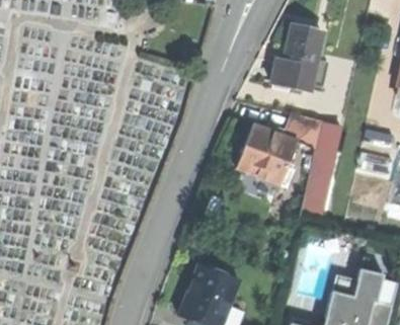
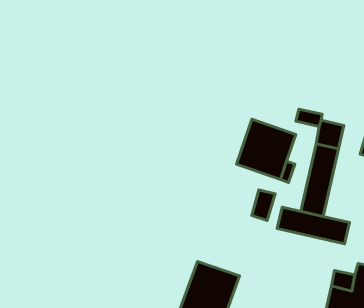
building: [271,25,322,90] -> none
building: none -> [277,207,350,244]

